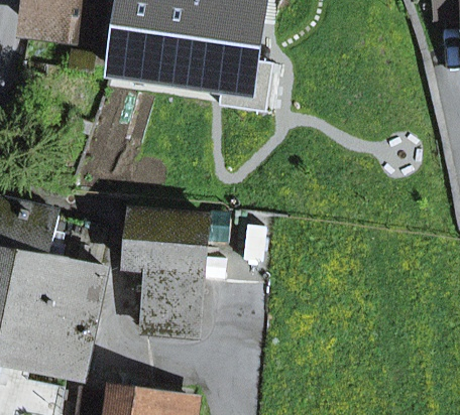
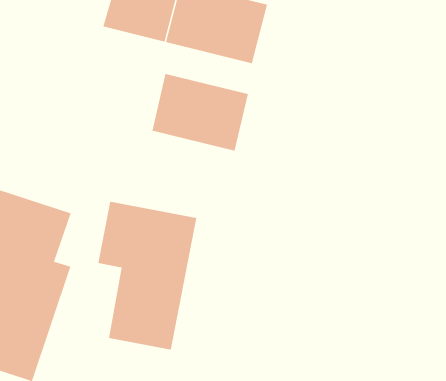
building: none -> [152,73,248,151]

